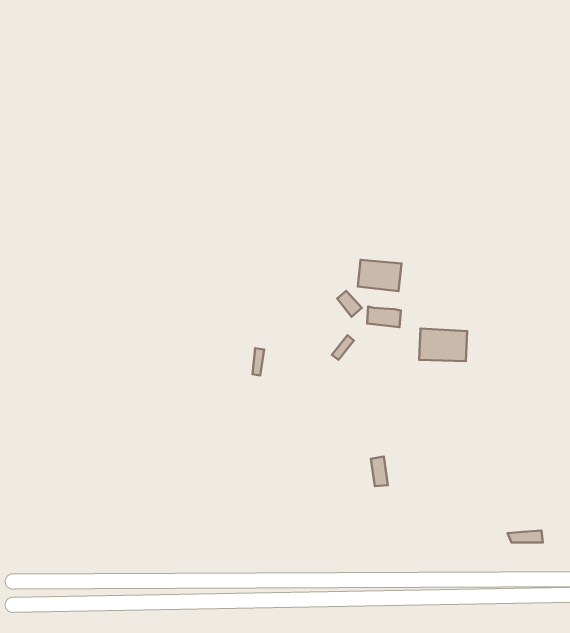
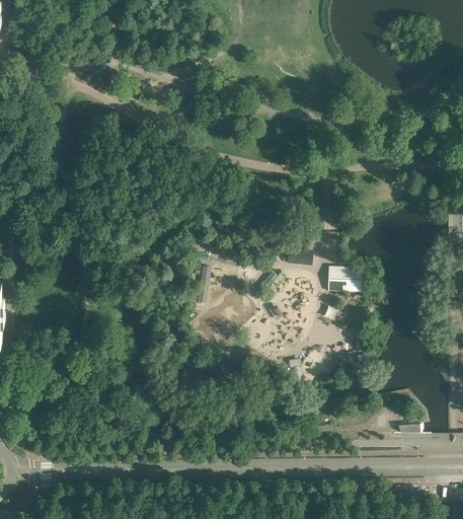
building: [358,260,401,291] -> none

